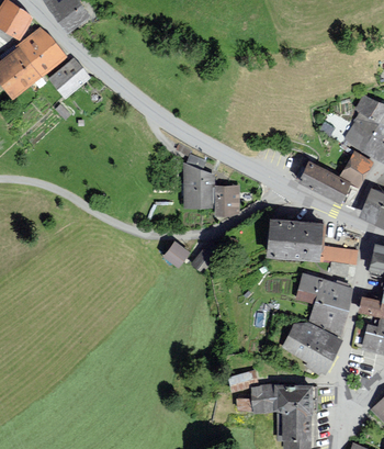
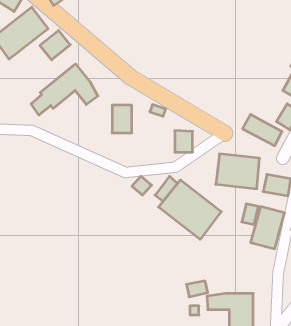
building: none -> [31,64,98,115]
building: [185,171,210,205] -> [112,105,132,133]
building: none -> [158,180,221,239]
building: [287,323,336,368] -> none

